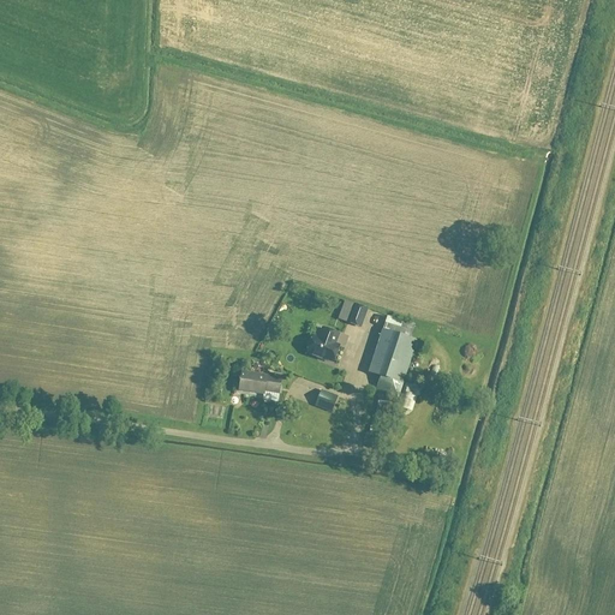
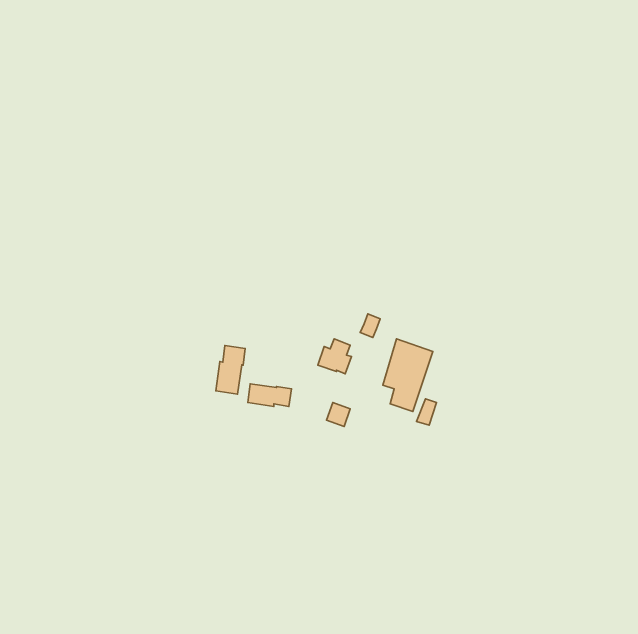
building: none -> [216,345,245,394]

